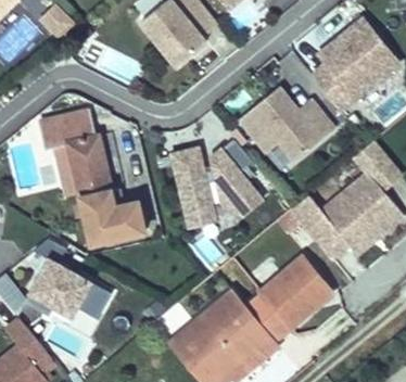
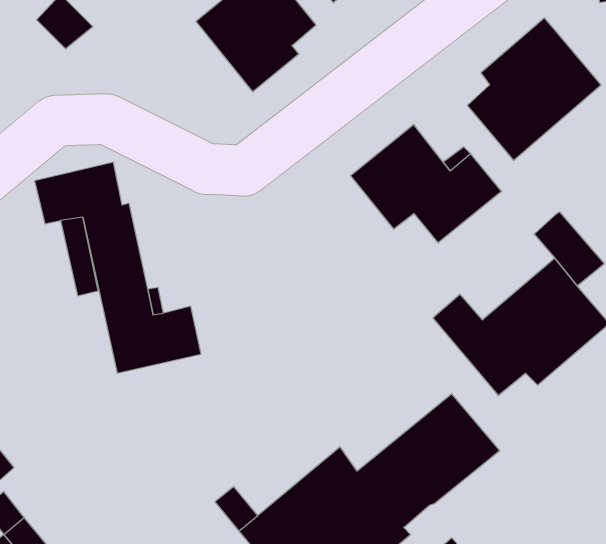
building: [172,139,262,225] -> none
building: [27,238,111,317] -> none

